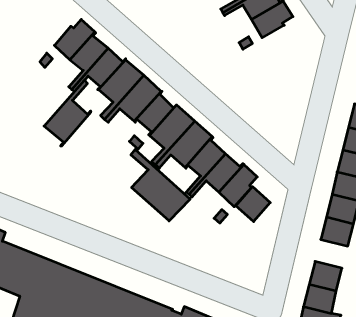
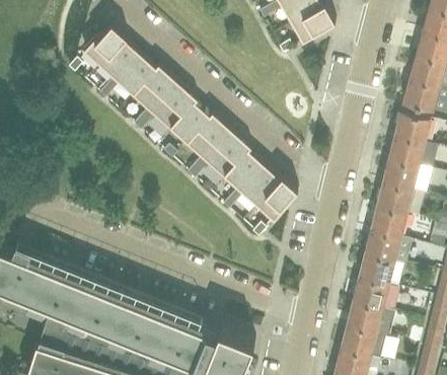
building: [44,80,91,146] -> none
building: [131,149,190,221] -> none
building: [236,187,270,222] -> none
building: none -> [359,257,393,288]

